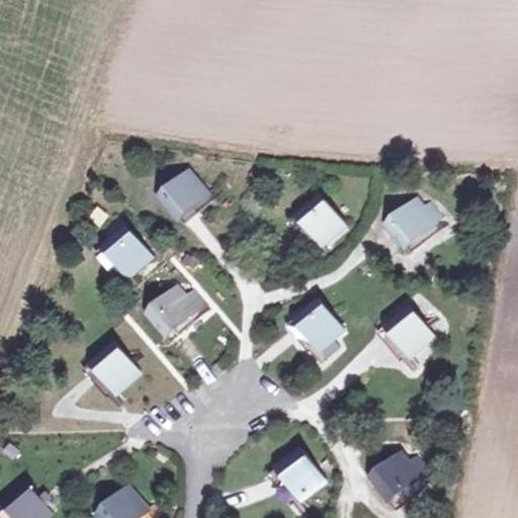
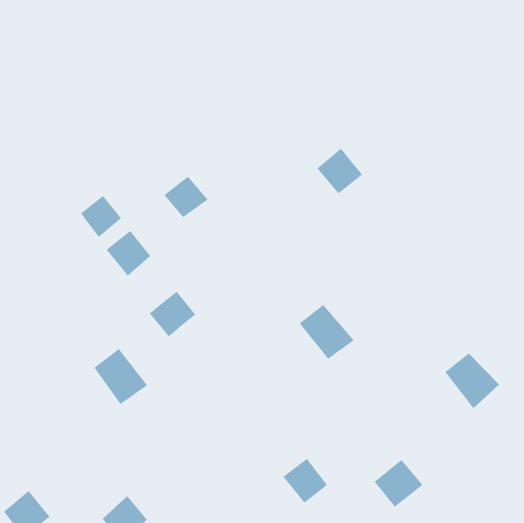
building: none -> [80,195,122,238]
building: [297,198,343,244] -> [316,148,363,194]
building: [386,203,432,247] -> none
building: [385,311,440,366] -> [444,353,500,409]

